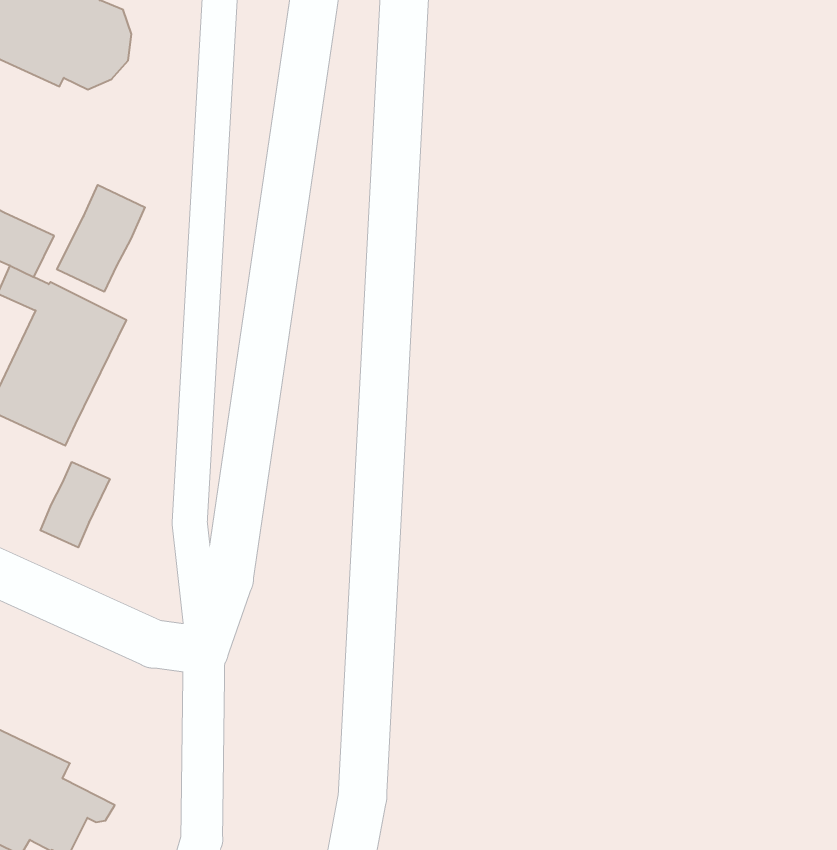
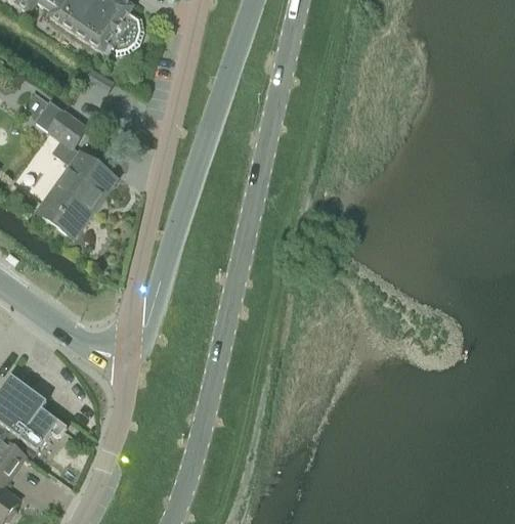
building: [57,185,145,292] -> none
building: [40,462,110,547] -> none

